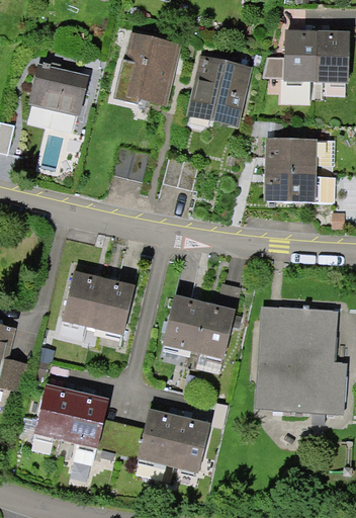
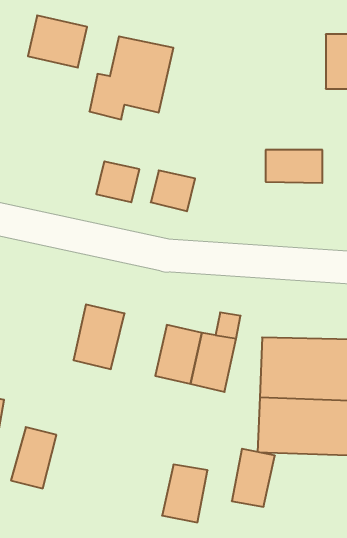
building: [282,35,317,84] -> none
building: [189,58,253,126] -> none
building: [31,69,84,115] -> [28,15,87,68]
building: [263,167,314,196] -> none
building: [61,269,103,326] -> none
building: [65,393,108,448] -> none
building: [143,413,181,464] -> [232,449,275,507]

